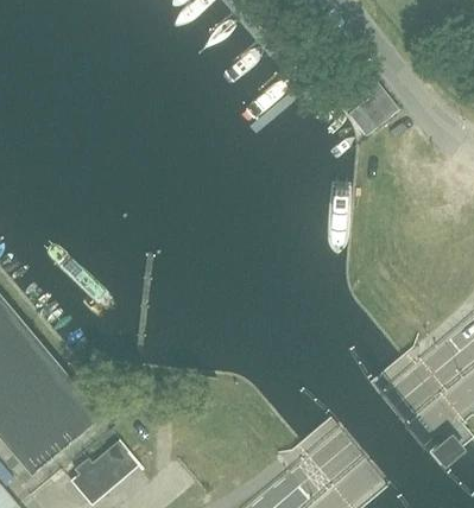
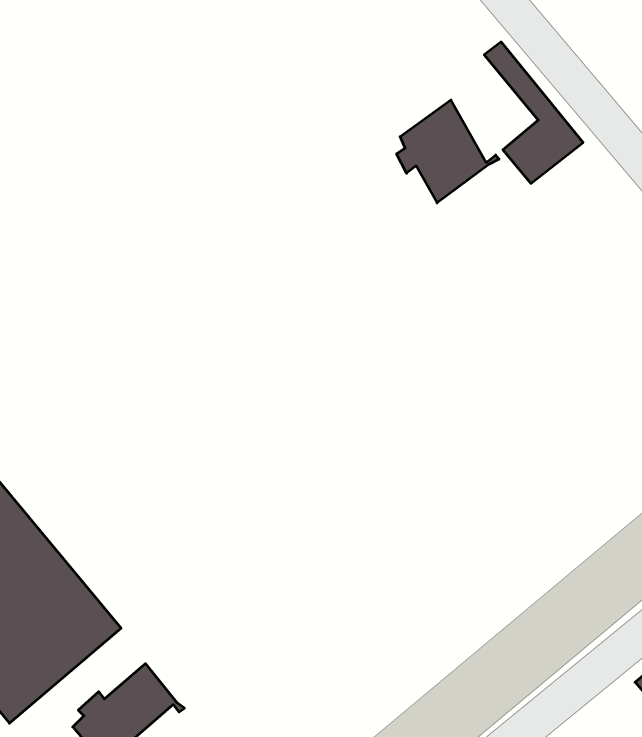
building: none -> [397,100,499,203]

